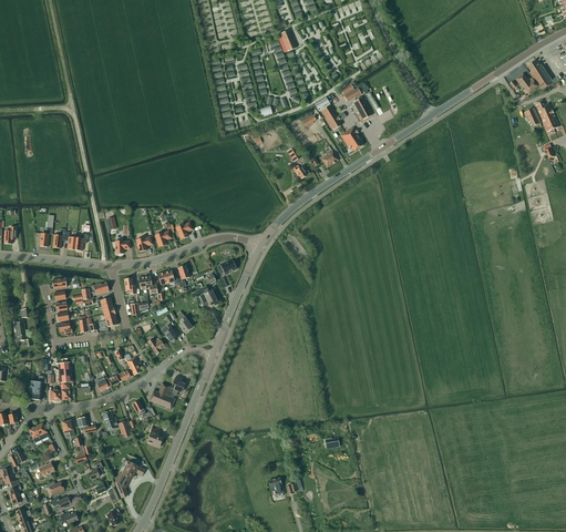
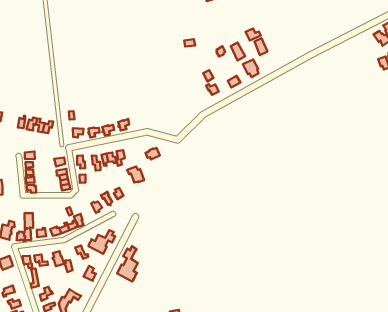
building: none -> [117,246,138,281]

